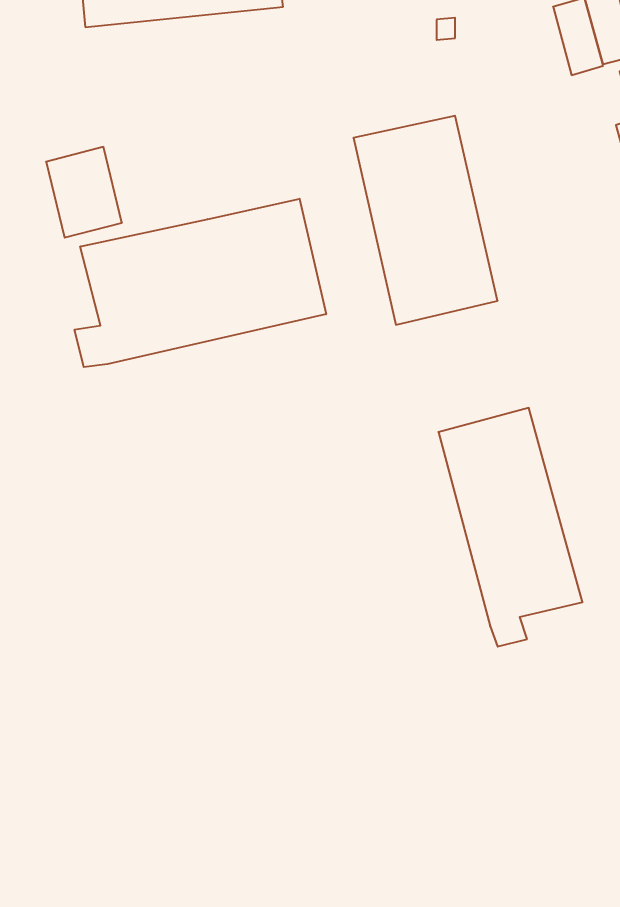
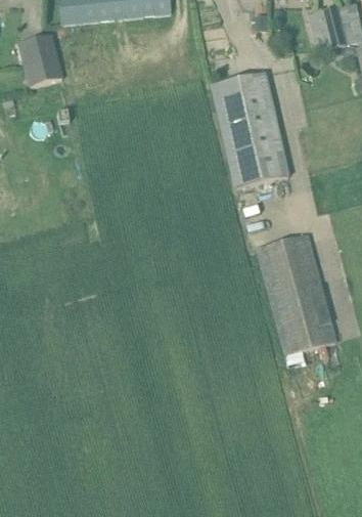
building: [46,147,122,238] -> [21,35,63,85]
building: [75,199,326,367] -> none

